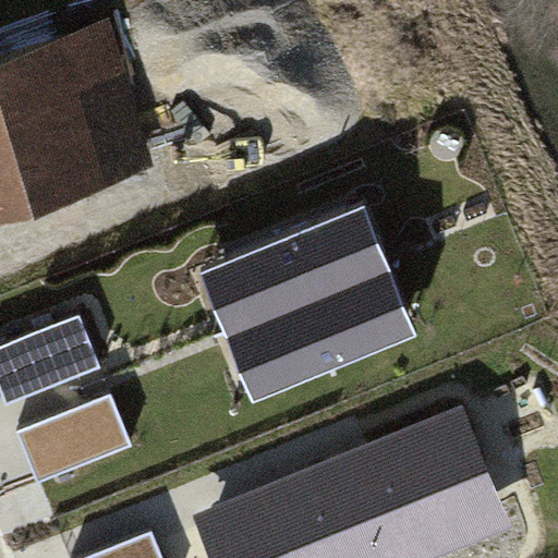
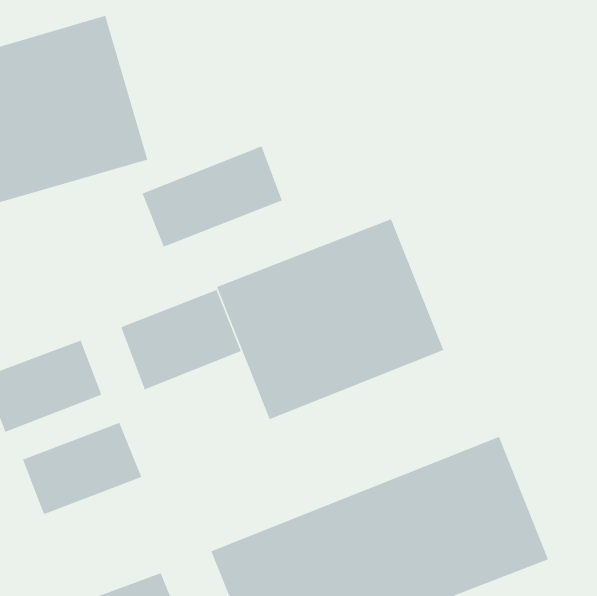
building: none -> [142,145,282,248]
building: none -> [121,289,241,390]

